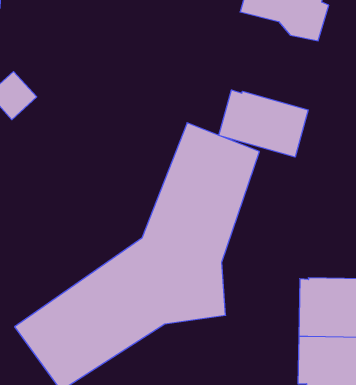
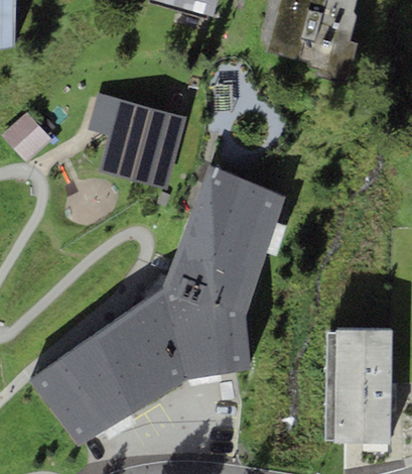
building: none -> [89,95,185,190]
building: [219,90,308,157] -> none

